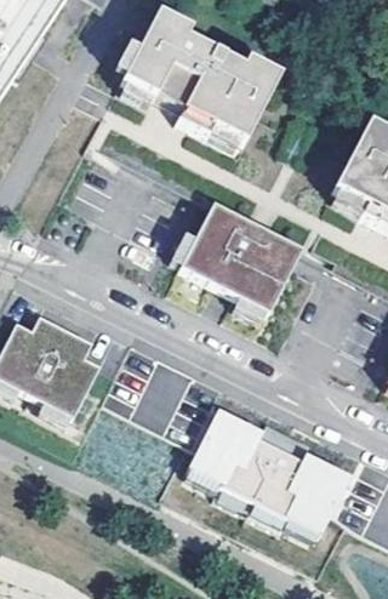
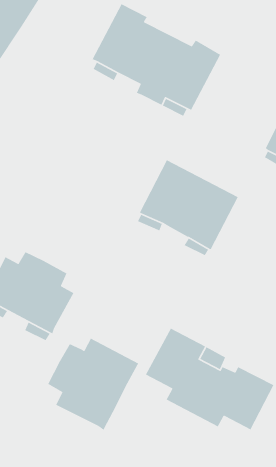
building: none -> [47,338,139,431]

